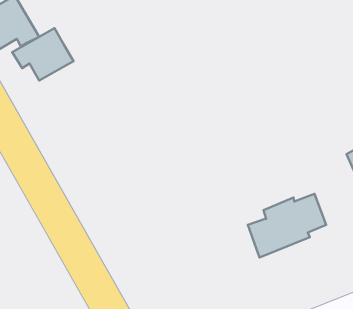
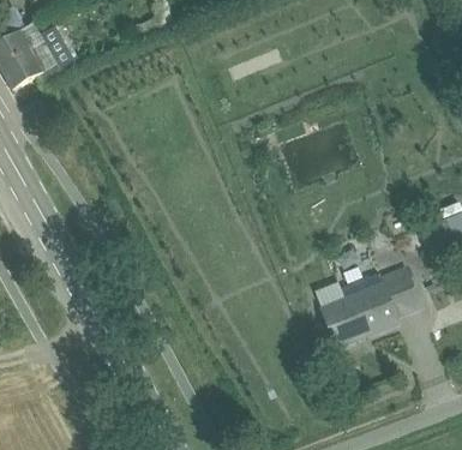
building: [12,28,73,81] -> none

